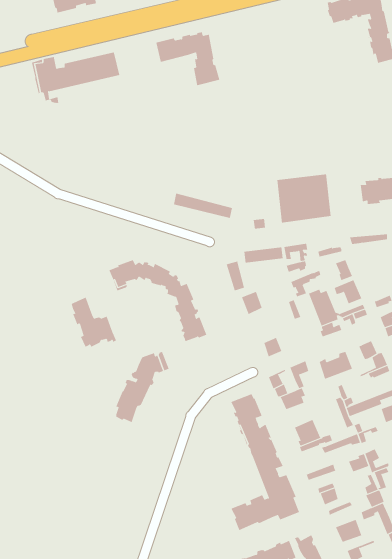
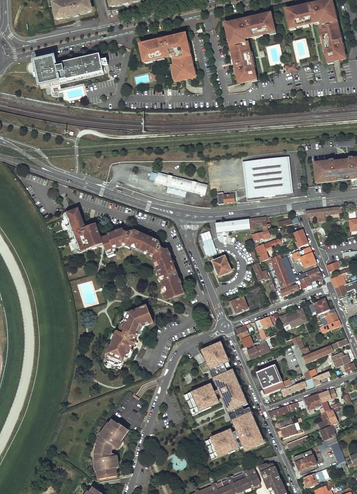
building: none -> [226,14,273,82]
building: [71,297,117,347] -> [64,208,103,251]
building: none -> [184,385,219,415]
building: none -> [95,420,127,479]

